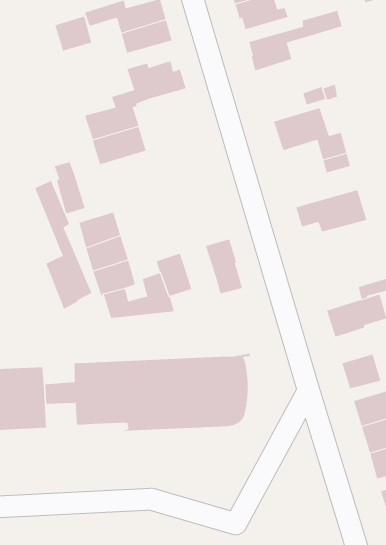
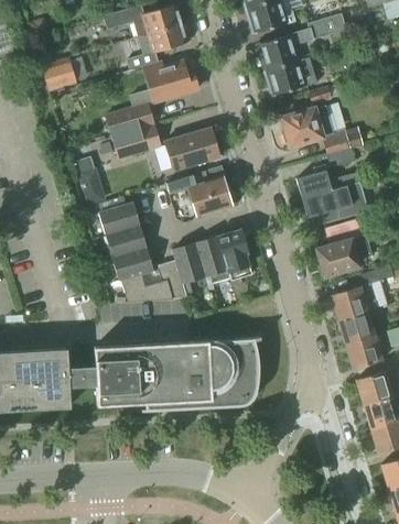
building: [54,16,92,51] -> [42,58,77,91]
building: none -> [265,58,317,96]
building: none -> [164,127,222,171]
building: none -> [298,164,362,199]
building: none -> [165,165,234,216]
building: [34,180,92,310] -> none
building: none -> [319,215,376,276]
building: none -> [195,236,231,291]
building: none -> [339,313,376,346]

